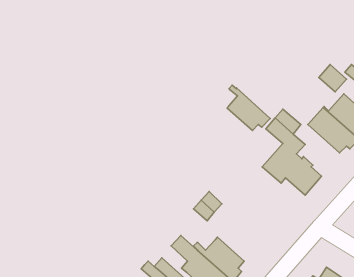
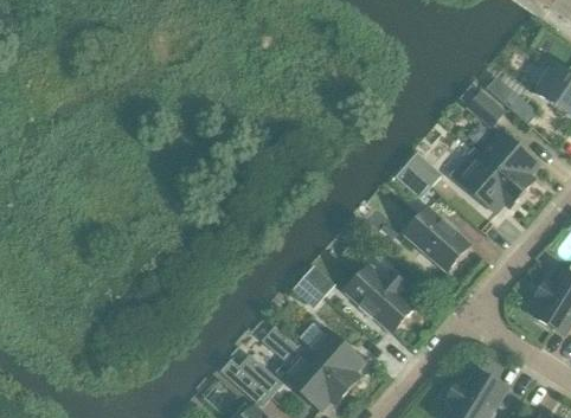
building: [227,85,270,131] -> none
building: none -> [347,265,416,332]

